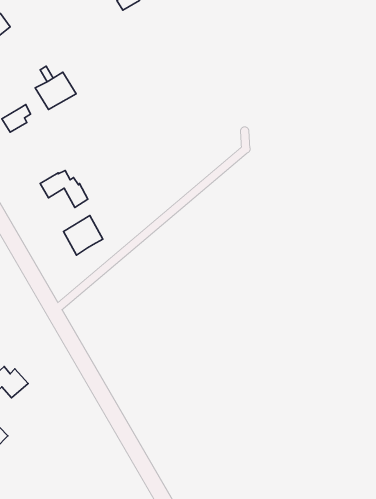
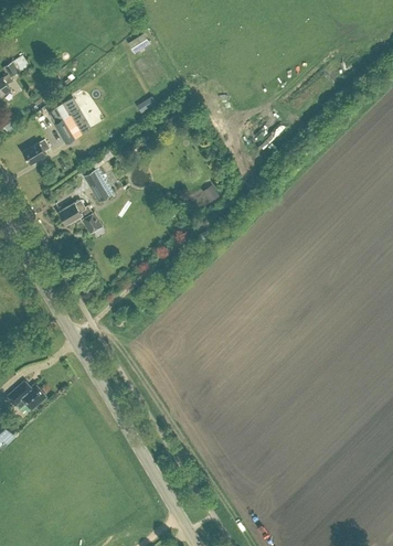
building: none -> [83,164,113,202]
building: [63,216,103,255] -> none

